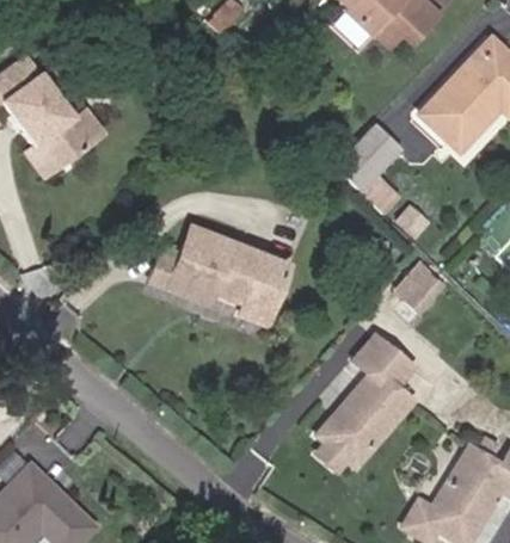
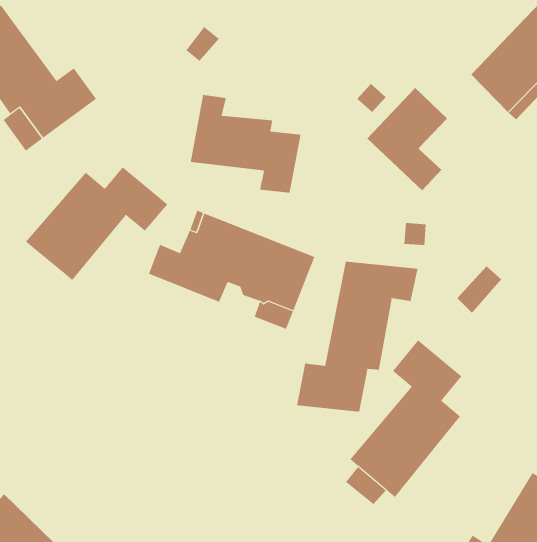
building: none -> [190,94,301,194]
building: none -> [25,166,168,281]
building: none -> [297,261,418,413]

